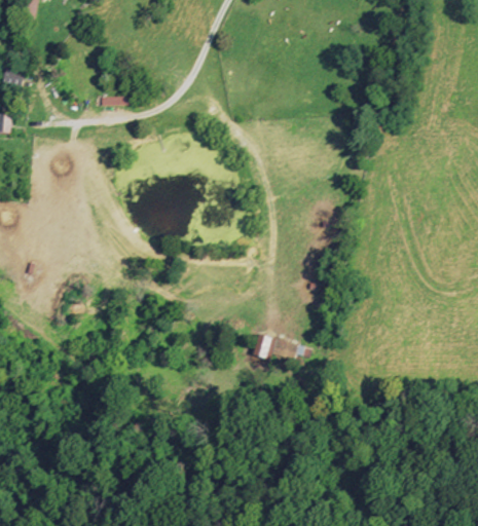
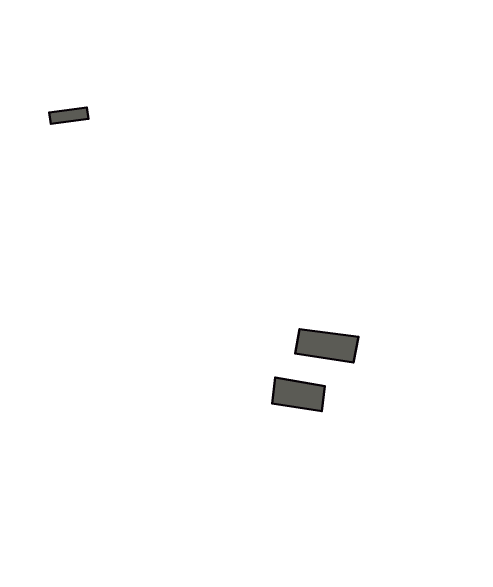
building: none -> [295,329,358,362]

